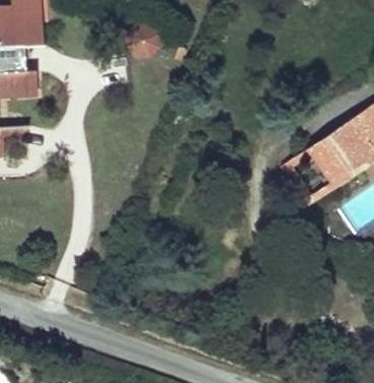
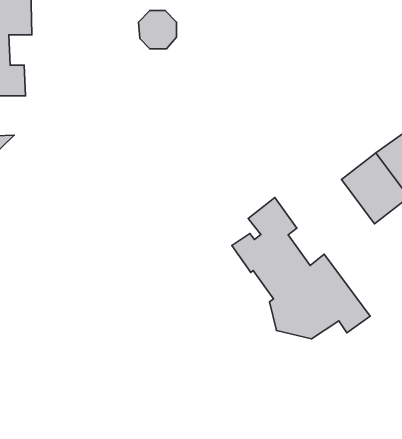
building: none -> [232,197,370,339]

